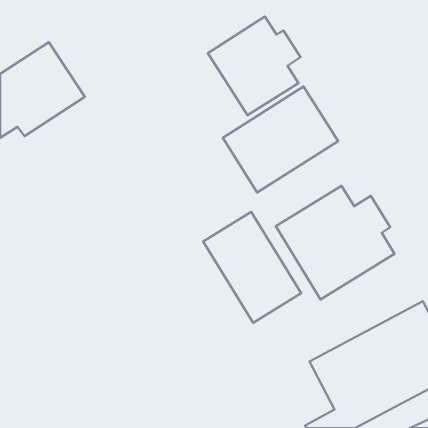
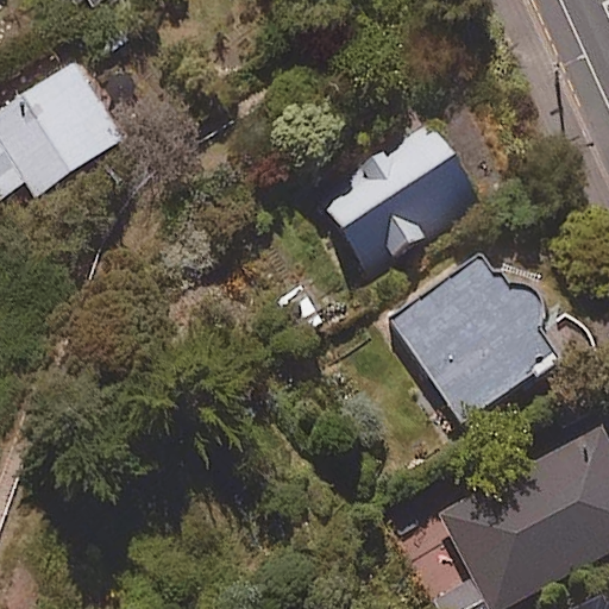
building: [208,17,300,115] -> none
building: [203,212,301,323] -> none

